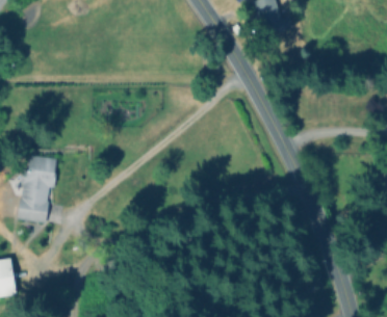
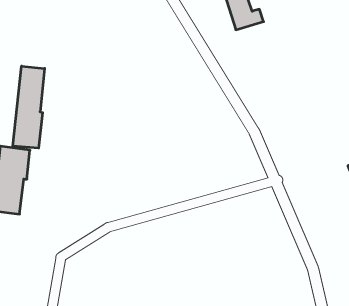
building: none -> [13,66,45,148]

